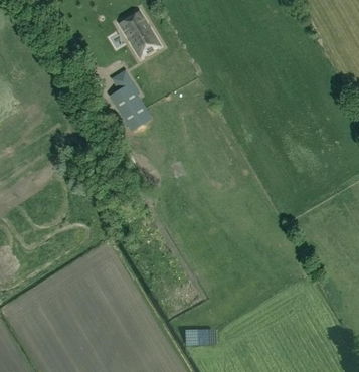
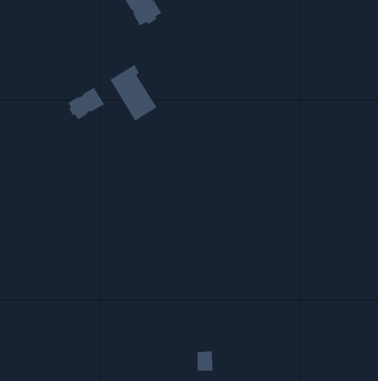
building: none -> [68,87,105,120]

